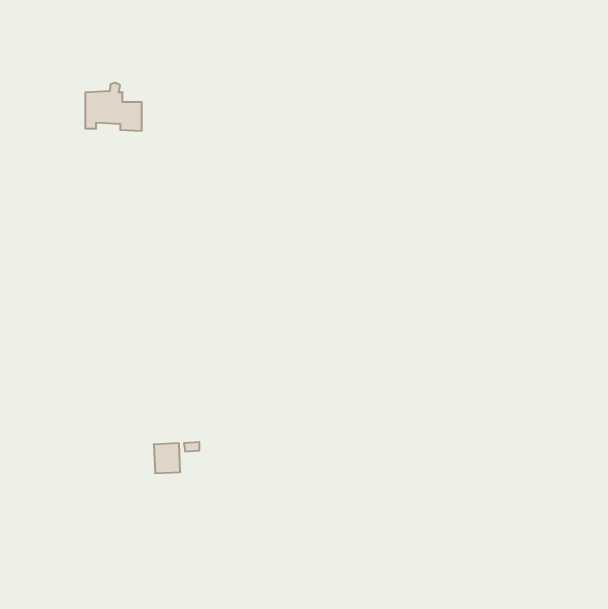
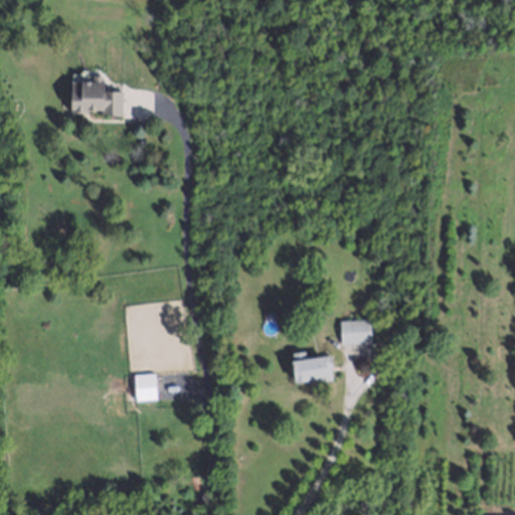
building: none -> [341,323,370,344]
building: none -> [301,358,326,381]

